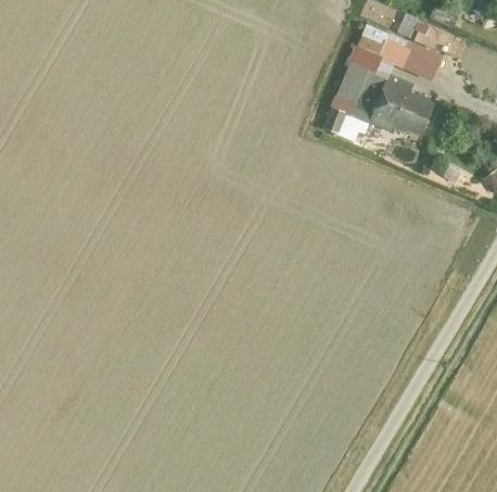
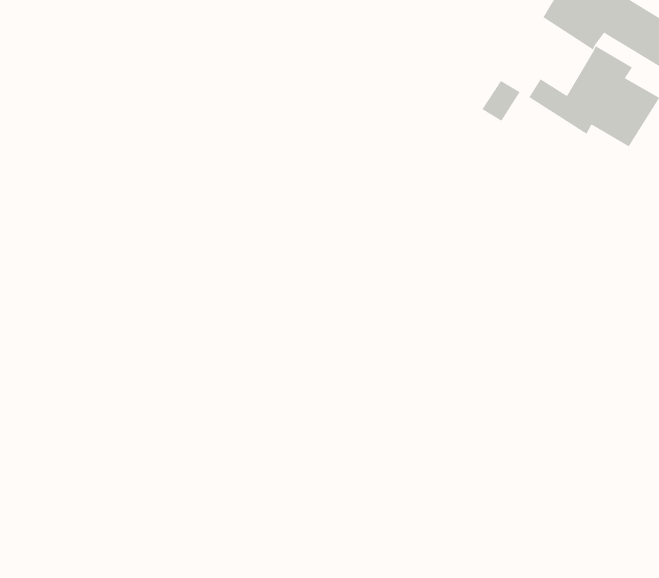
building: [337,62,386,109] -> none

